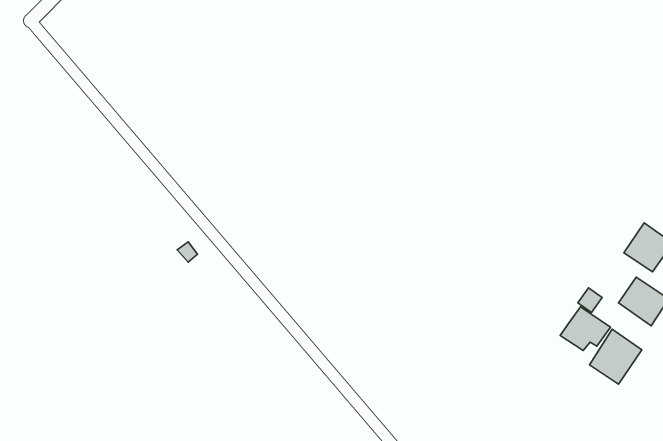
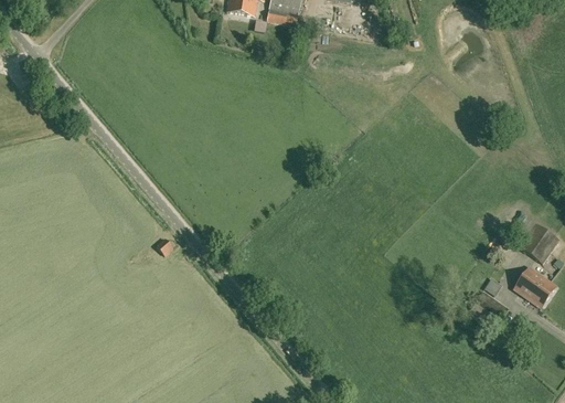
building: [589,329,642,384] -> none

